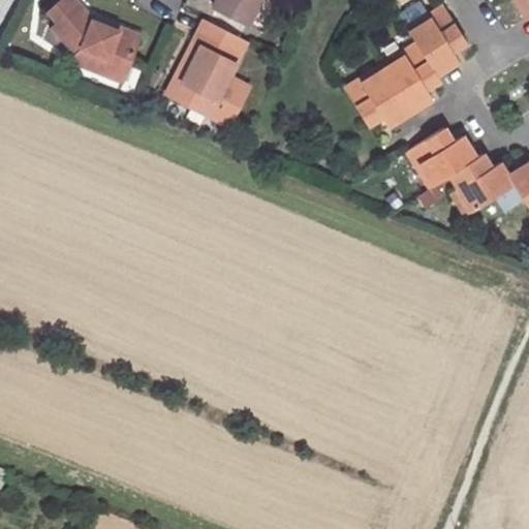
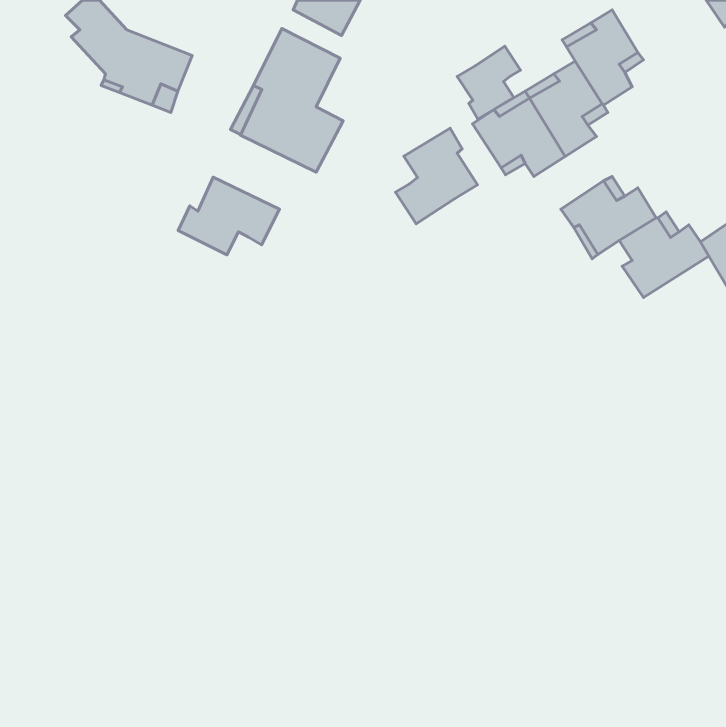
building: none -> [457,46,520,119]
building: none -> [396,128,478,224]
building: none -> [178,177,280,255]

